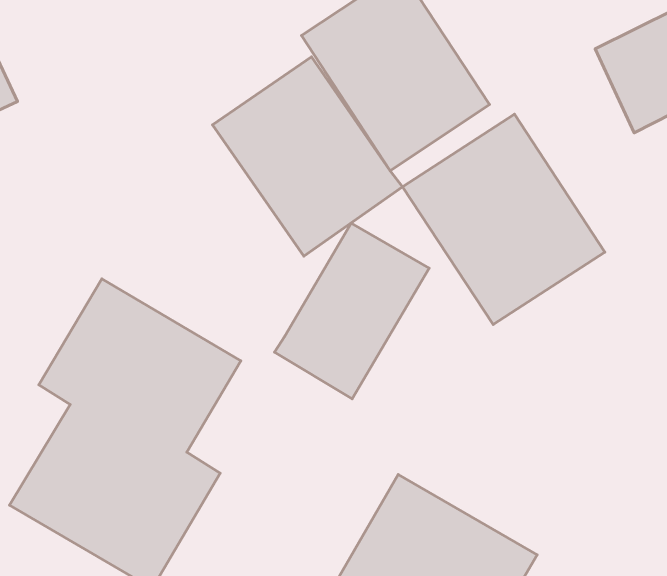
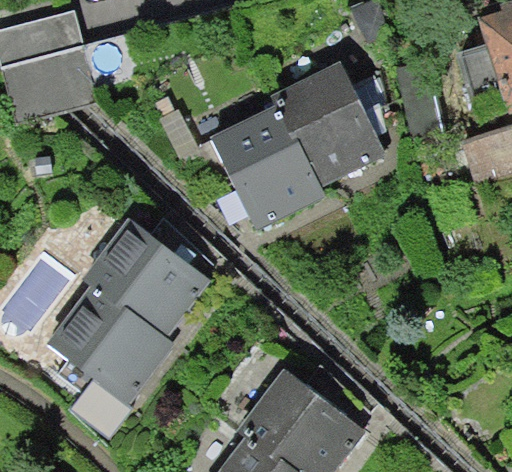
building: [403,114,605,325] -> none
building: [274,223,429,399] -> none

